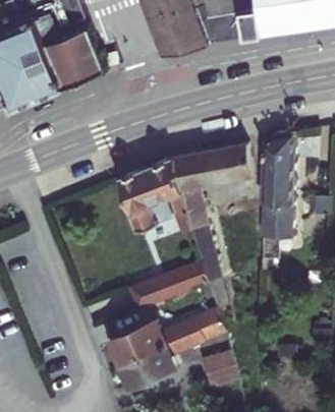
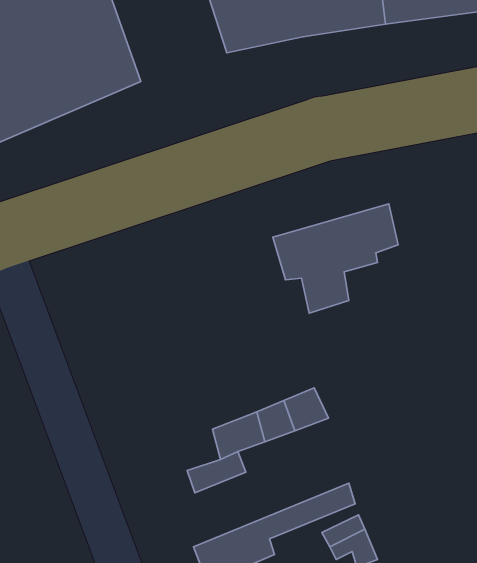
building: [274,132,306,235] -> none
building: [121,159,200,234] -> none
building: [119,312,229,366] -> none

